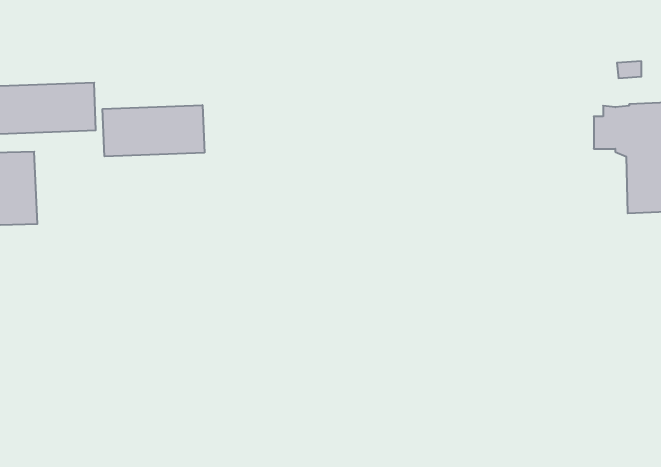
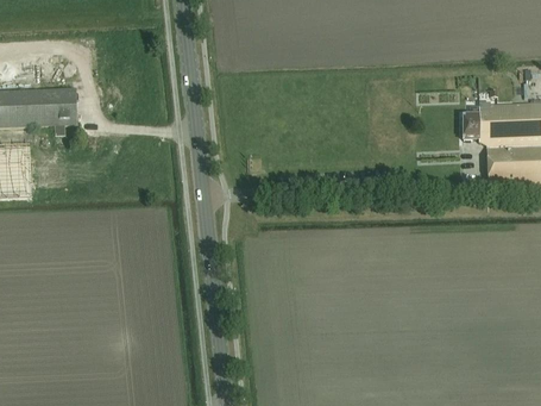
building: [103,105,204,156] -> none

